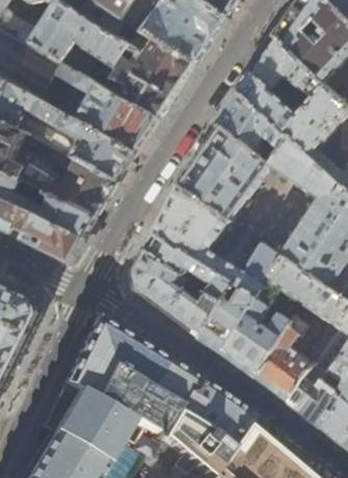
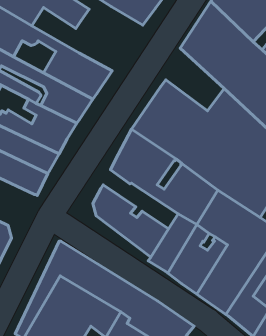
building: [111,43,194,118] -> none
building: [216,91,290,165] -> none
building: [148,235,236,304] -> none

